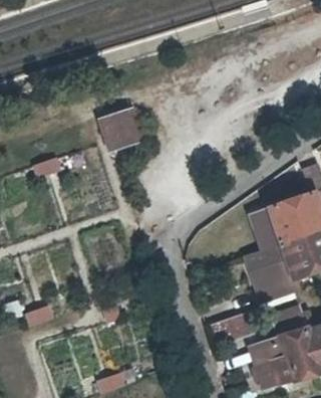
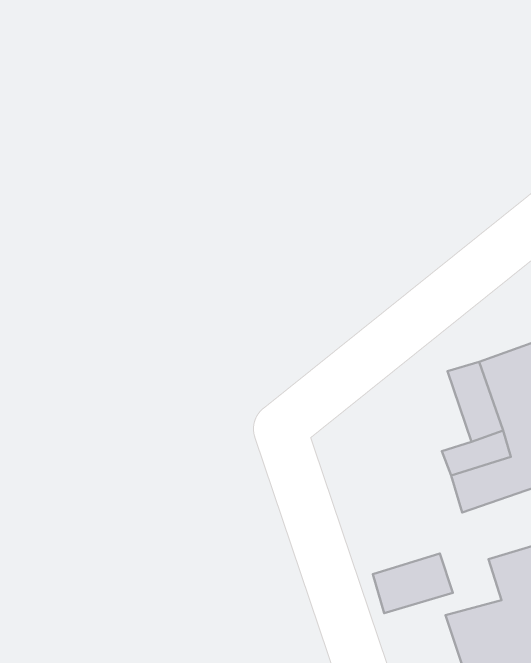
building: [102,110,143,151] -> none

